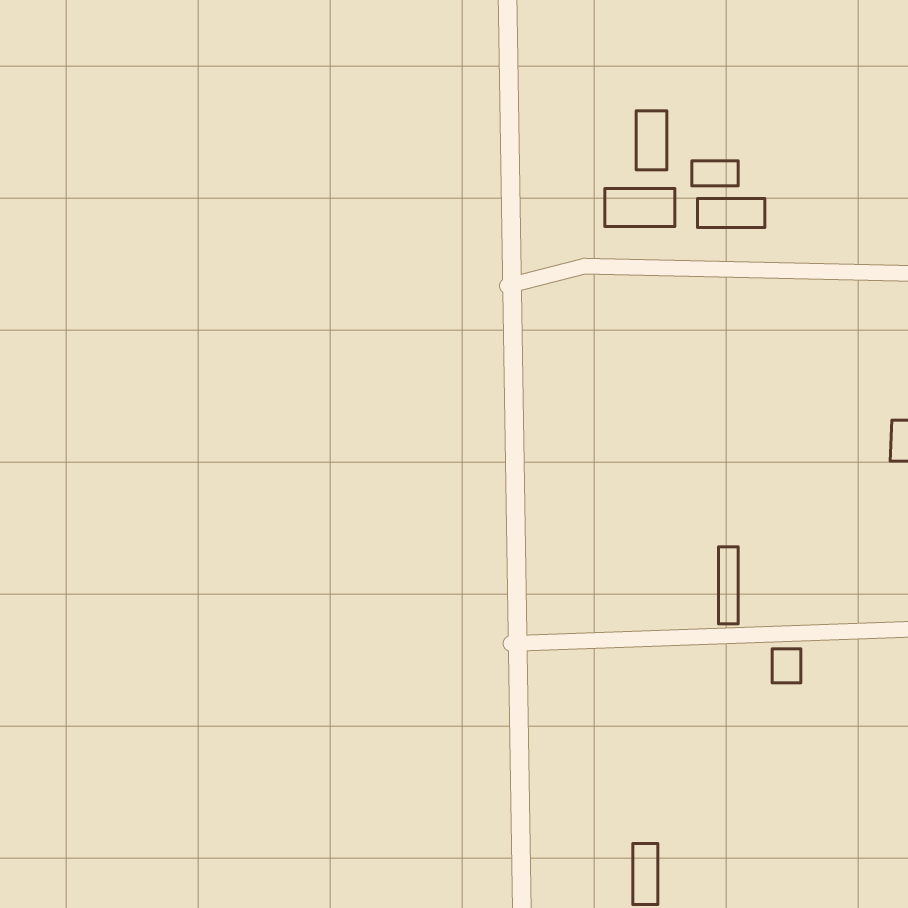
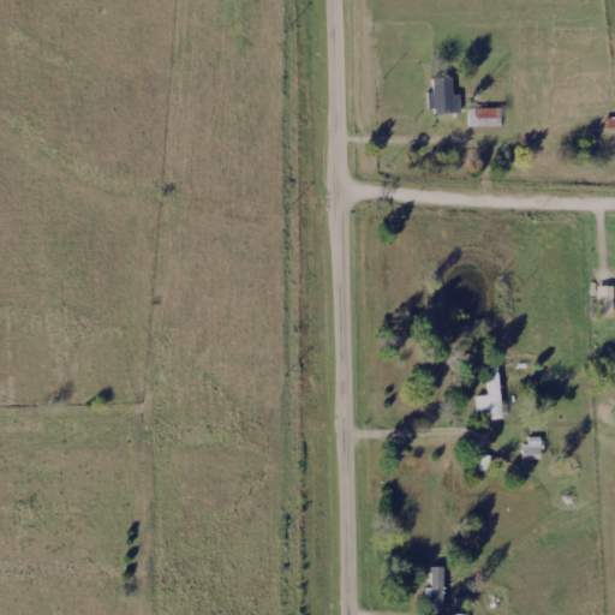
building: [605,188,675,227] -> none
building: [697,199,765,228] -> none

